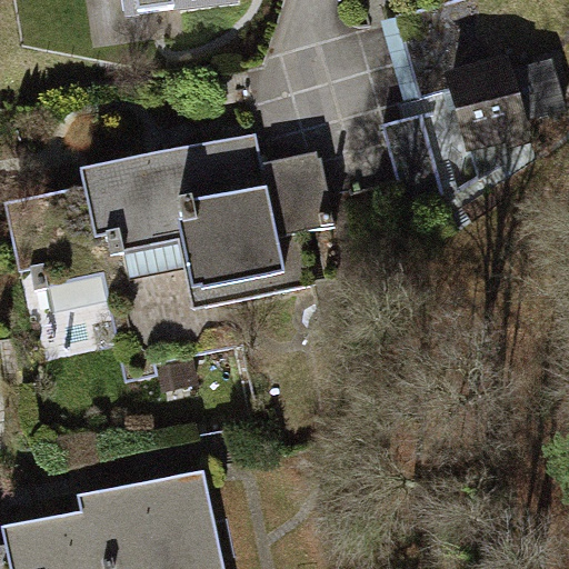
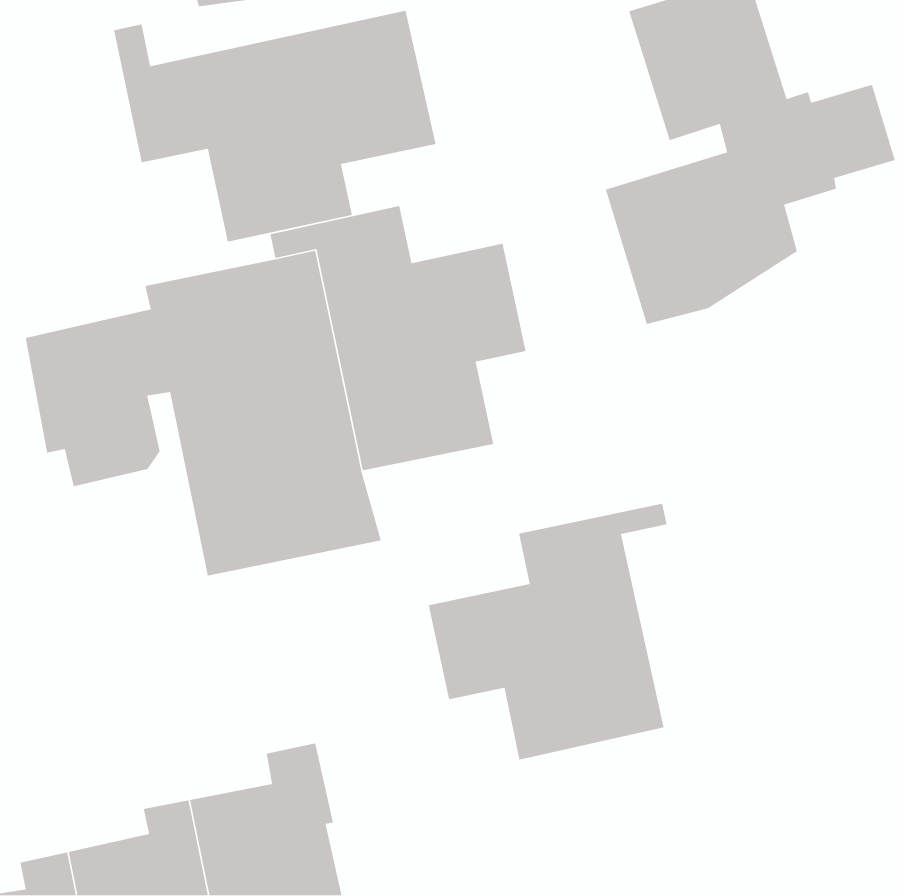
building: none -> [113,10,437,243]
building: none -> [428,503,667,760]

